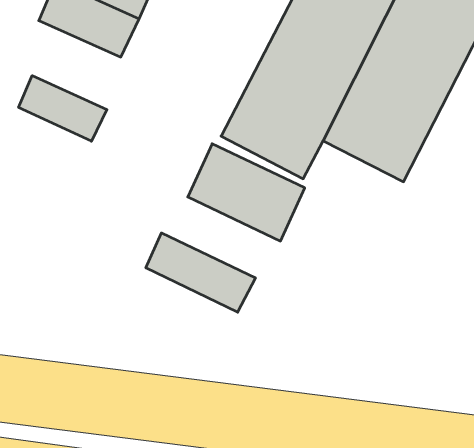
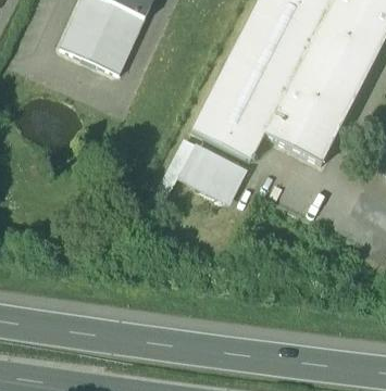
building: [19,76,107,141] -> none
building: [146,233,255,312] -> none

